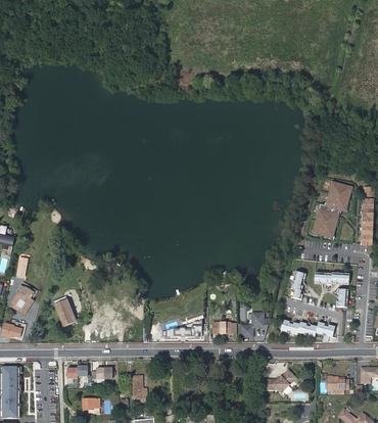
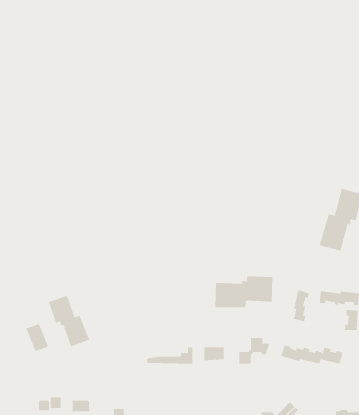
building: none -> [215,275,273,308]
building: none -> [48,295,90,347]

